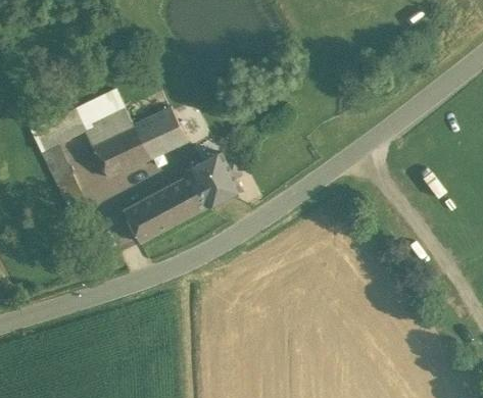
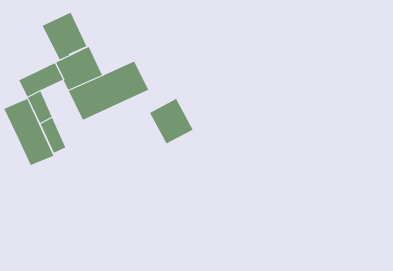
building: none -> [42,12,87,60]
building: none -> [4,98,54,166]
building: [124,169,208,243] -> none

